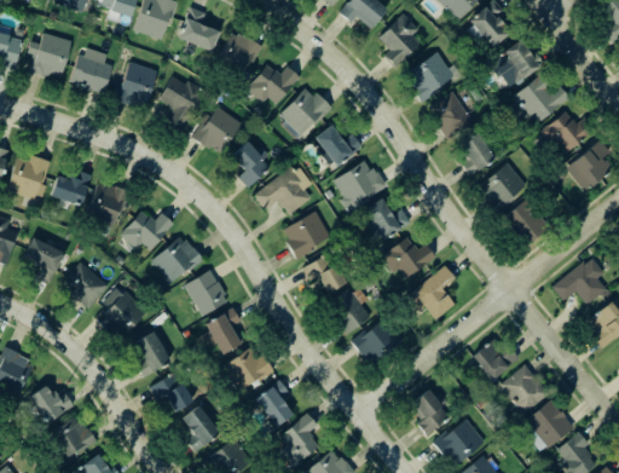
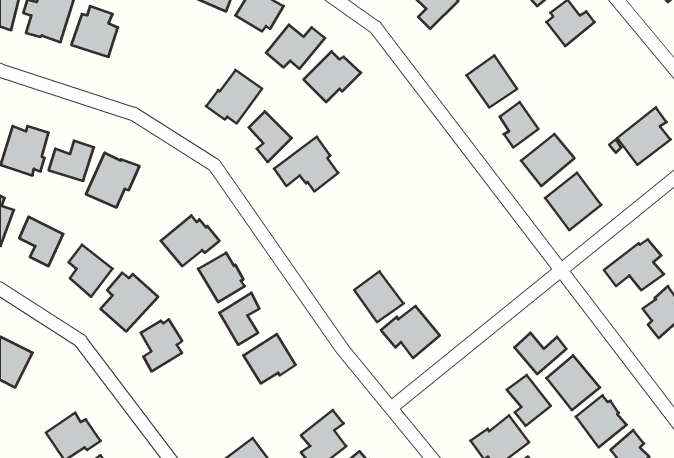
building: [405,52,455,104] -> none
building: [116,60,157,106] -> none
building: [515,70,571,125] -> none
building: [158,76,207,127] -> none
building: [539,111,595,157] -> none
building: [313,126,363,167] -> none
building: [334,162,387,206] -> none
building: [363,198,411,241] -> none
building: [122,210,173,249] -> none
building: [284,212,330,260] -> none
building: [376,236,435,279] -> none
building: [302,256,346,294] -> none
building: [410,265,456,318] -> none
building: [150,373,192,413] -> none
building: [253,380,290,428] -> none
building: [28,387,73,425] -> none
building: [410,391,450,437] -> [507,375,551,426]
building: [180,405,220,452] -> none

